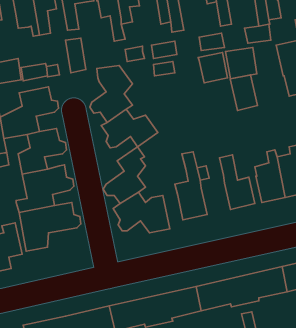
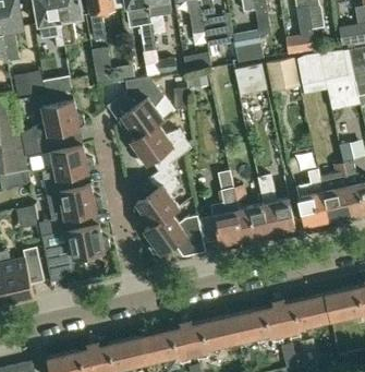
building: [230,75,258,110] -> [296,57,326,95]
building: none -> [238,205,269,239]

